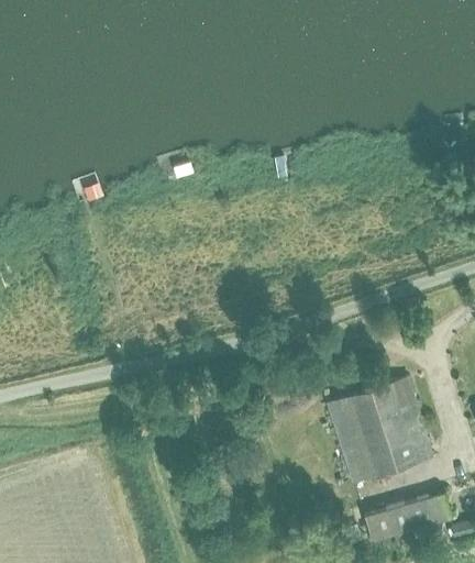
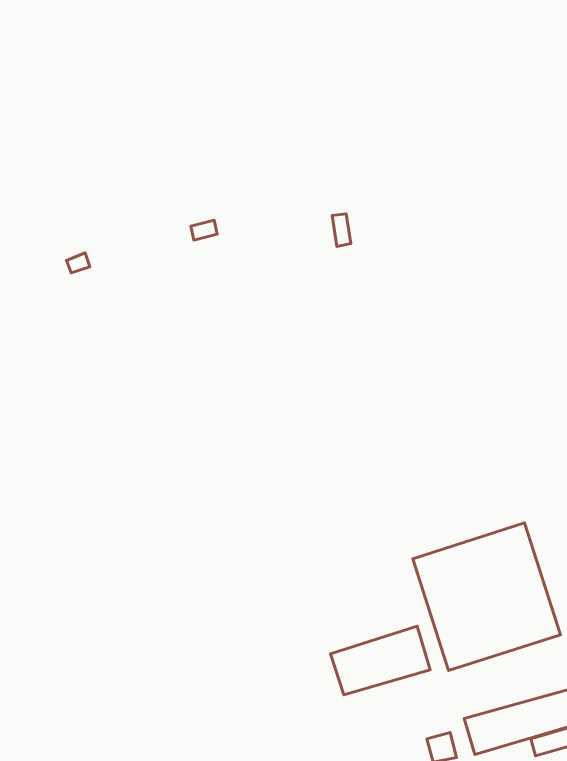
building: none -> [331,626,430,695]

